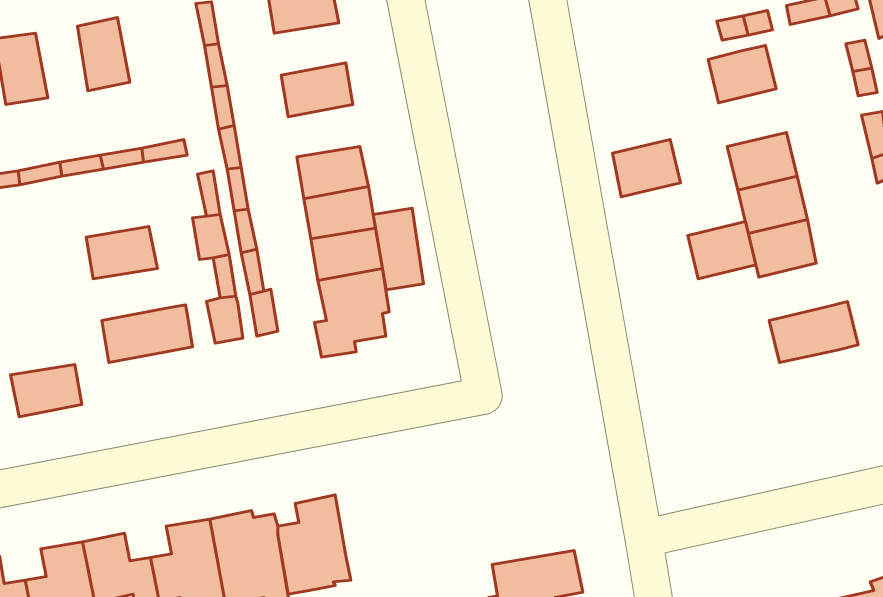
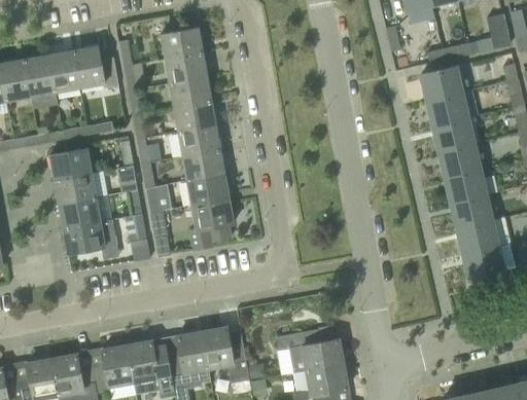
building: none -> [73,45,119,88]
building: none -> [166,52,208,83]
building: none -> [25,54,56,97]
building: none -> [174,101,216,132]
building: [613,139,680,197] -> [428,92,468,125]
building: none -> [50,148,92,179]
building: [373,208,424,290] -> none
building: [688,221,756,279] -> [452,194,492,228]
building: none -> [464,246,504,280]
building: [10,364,82,417] -> [59,197,101,228]
building: none -> [202,327,250,383]
building: none -> [277,329,343,372]

